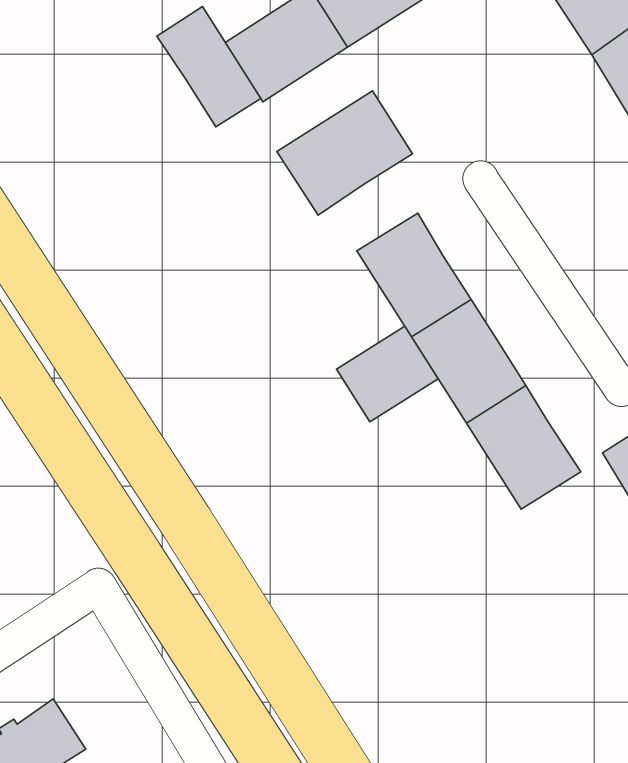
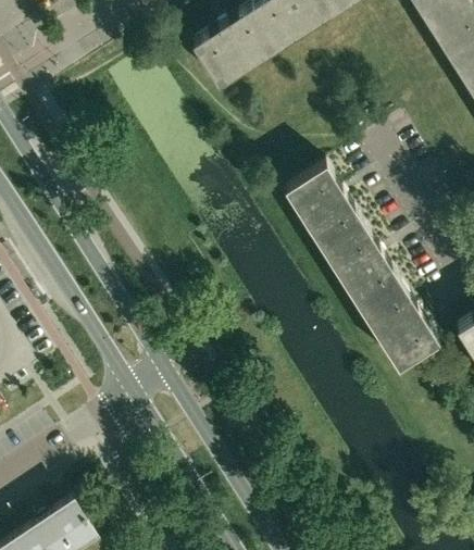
building: [157,7,261,127] -> none
building: [277,91,413,215] -> none
building: [337,326,438,422] -> none

